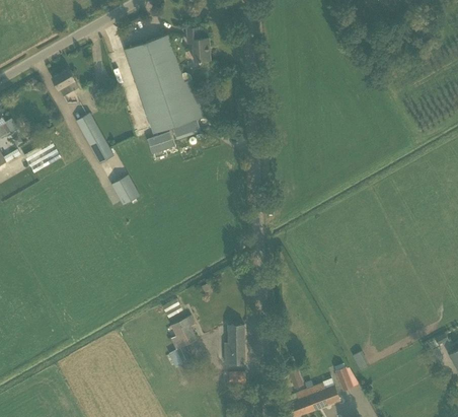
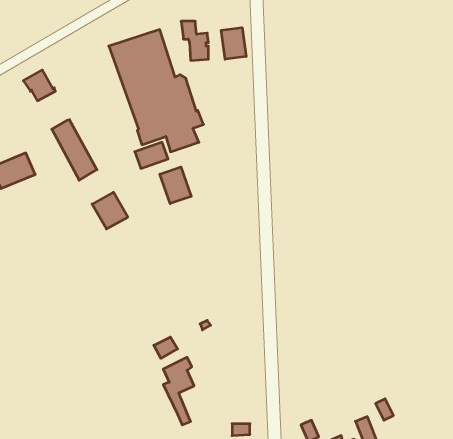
building: none -> [221,28,246,59]
building: none -> [160,167,191,204]
building: [225,325,245,364] -> none

